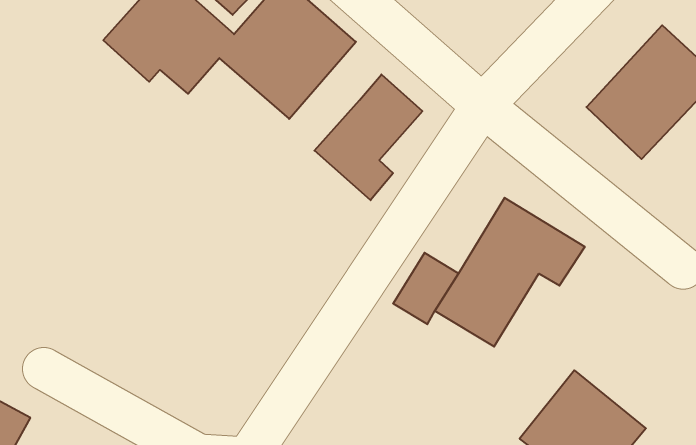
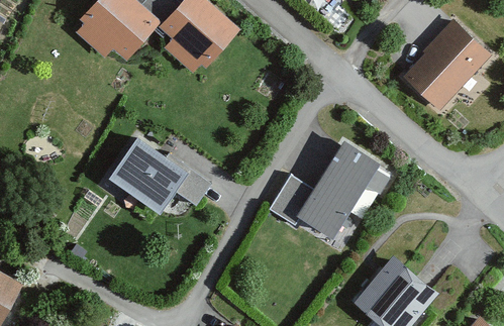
building: [314,74,422,200] -> none
building: none -> [100,134,210,217]

